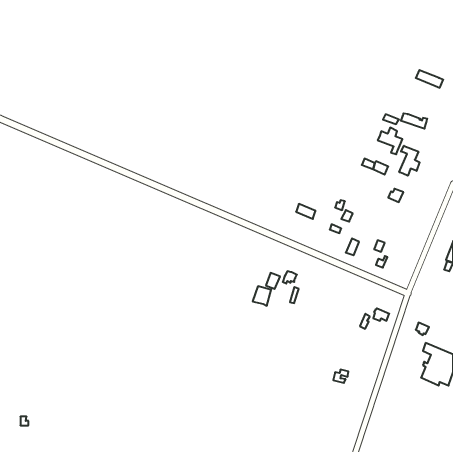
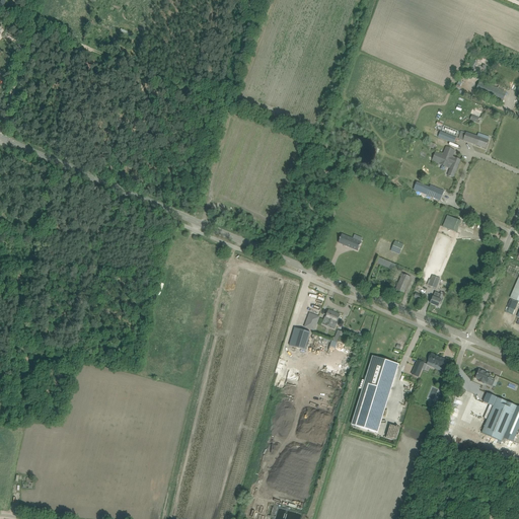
building: [399,146,420,176] -> none
building: none -> [355,355,399,419]

